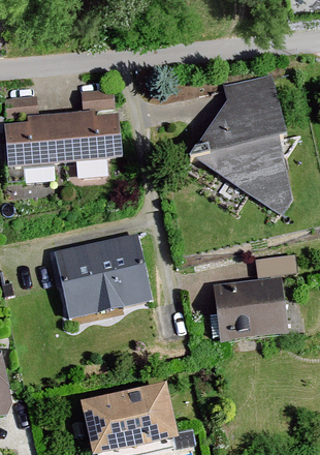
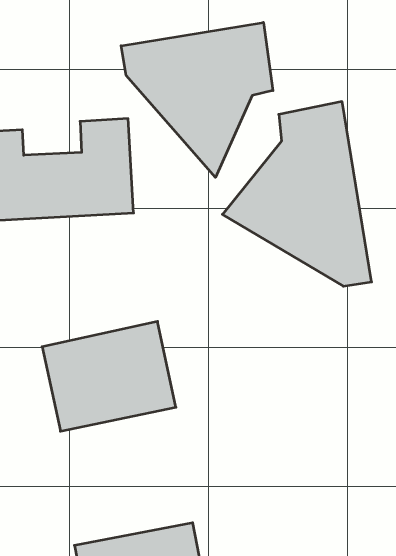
building: none -> [121,22,273,177]
building: [212,253,298,347] -> none

